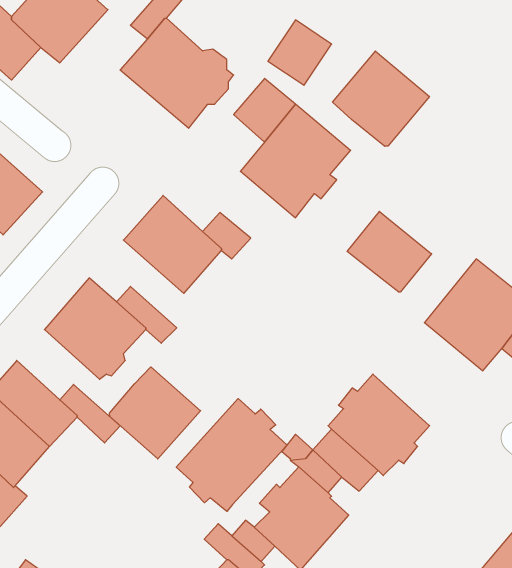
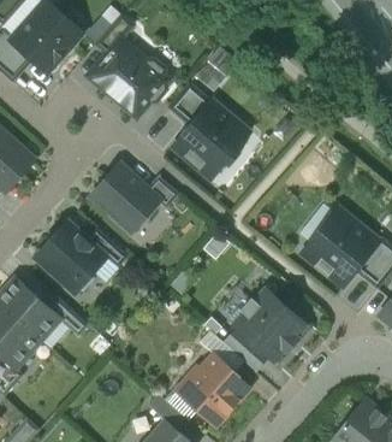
building: [333,51,429,146] -> none
building: [347,211,432,292] -> none
building: [109,367,201,459] -> none
building: [176,399,287,511] -> none

